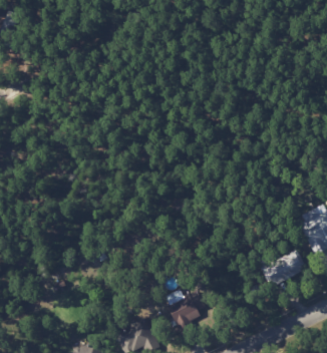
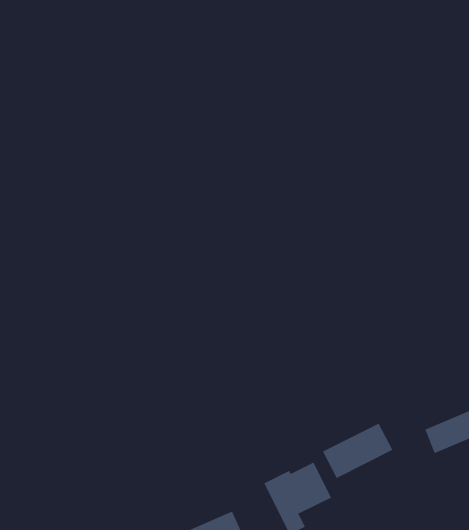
building: none -> [322,423,393,479]

